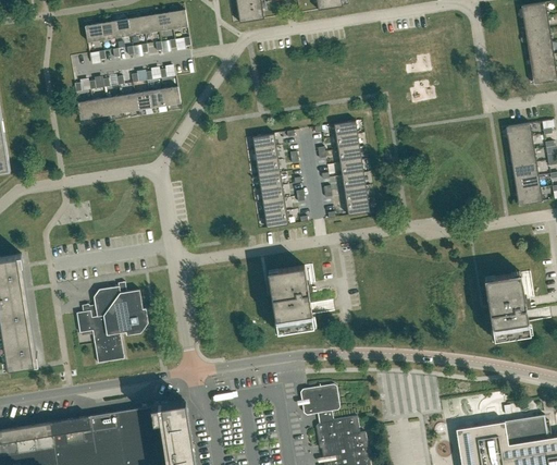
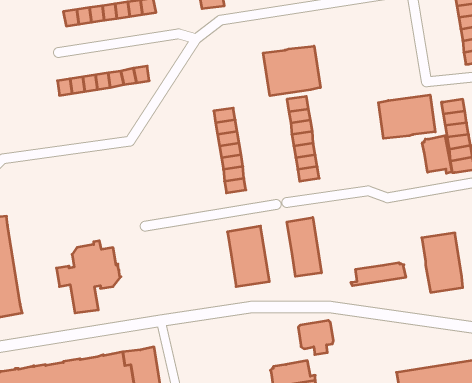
building: none -> [263,46,320,96]
building: none -> [378,95,435,138]
building: none -> [422,136,452,173]
building: none -> [287,217,321,276]
building: none -> [351,263,406,286]
building: [299,384,338,423] -> [298,320,333,355]

